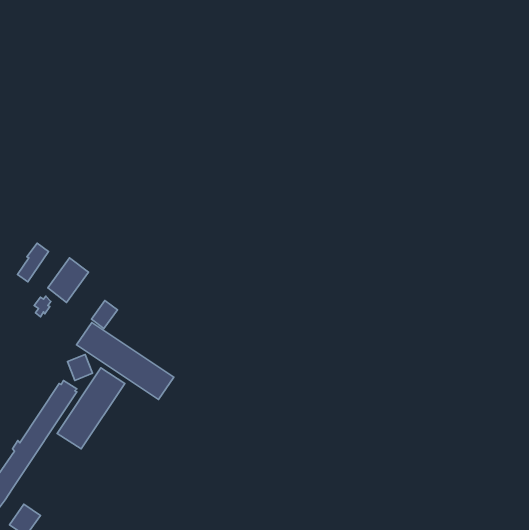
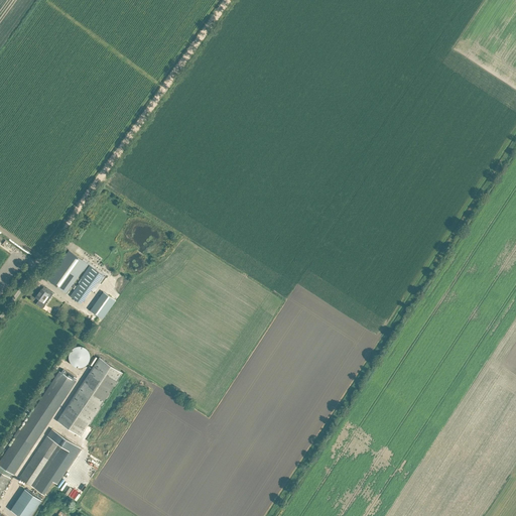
building: [17,243,49,282] -> [70,267,100,304]
building: [76,323,174,400] -> none
building: none -> [17,429,80,495]

